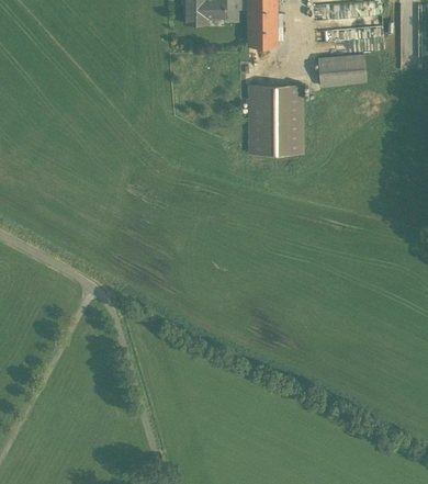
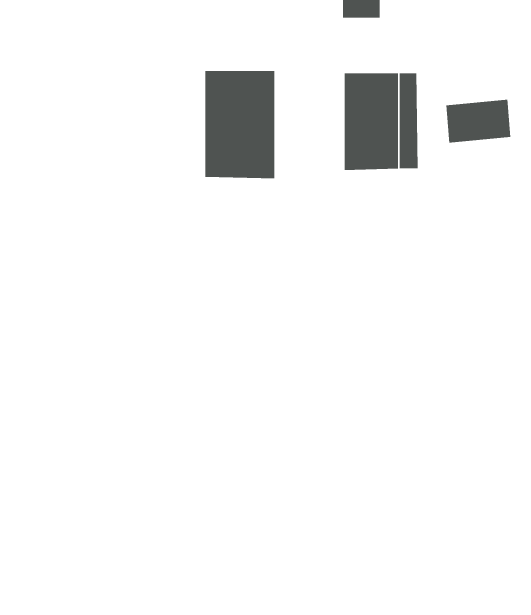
building: [318,55,365,87] -> [445,99,511,143]
building: none -> [205,70,275,179]

